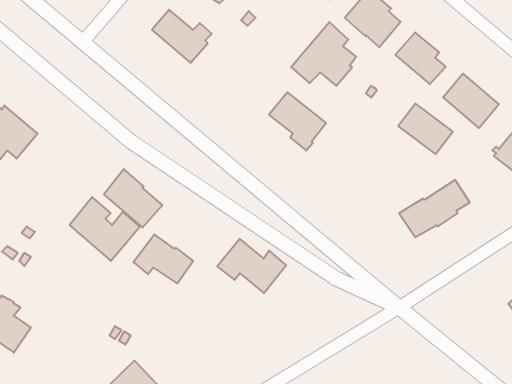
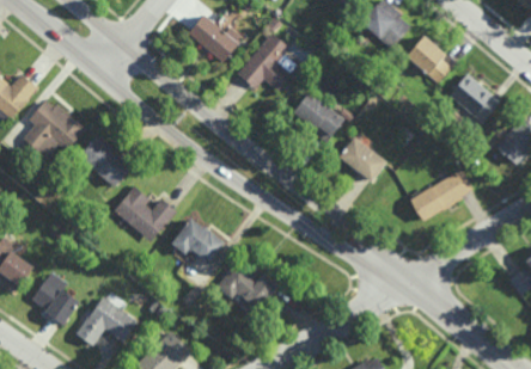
building: [291,22,356,86] -> [238,32,297,90]
building: [398,104,453,154] -> [338,136,387,182]
building: [104,169,162,228] -> [78,133,130,185]
building: [217,239,286,293] -> [218,260,280,309]
building: none -> [77,291,139,345]

